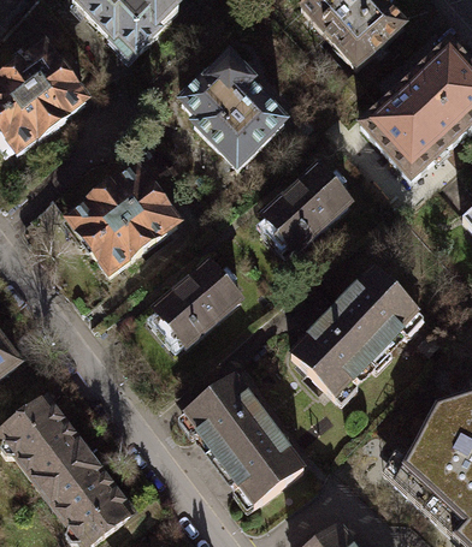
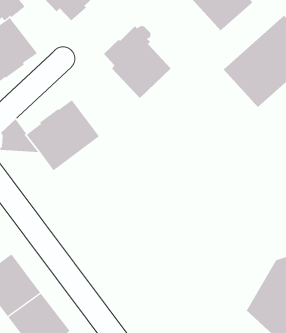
building: [265,167,350,250] -> none
building: [155,262,241,344] -> none
building: [291,269,418,399] -> none
building: [183,376,305,507] -> none

